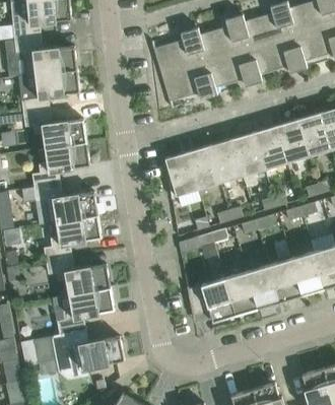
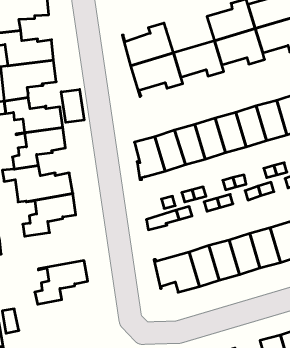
building: [199,15,252,61] -> none
building: none -> [61,89,84,122]
building: [45,257,110,296] -> none
building: [52,330,124,378] -> none

